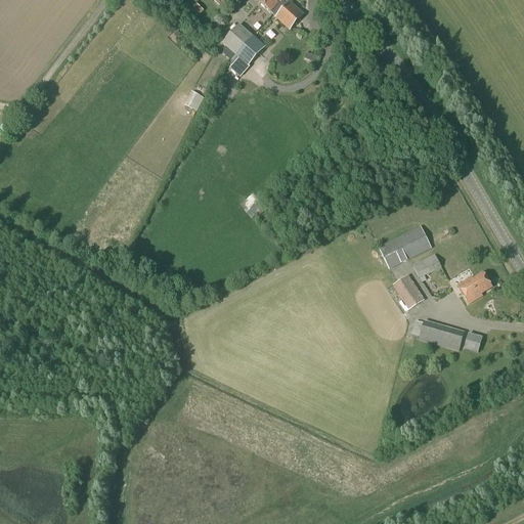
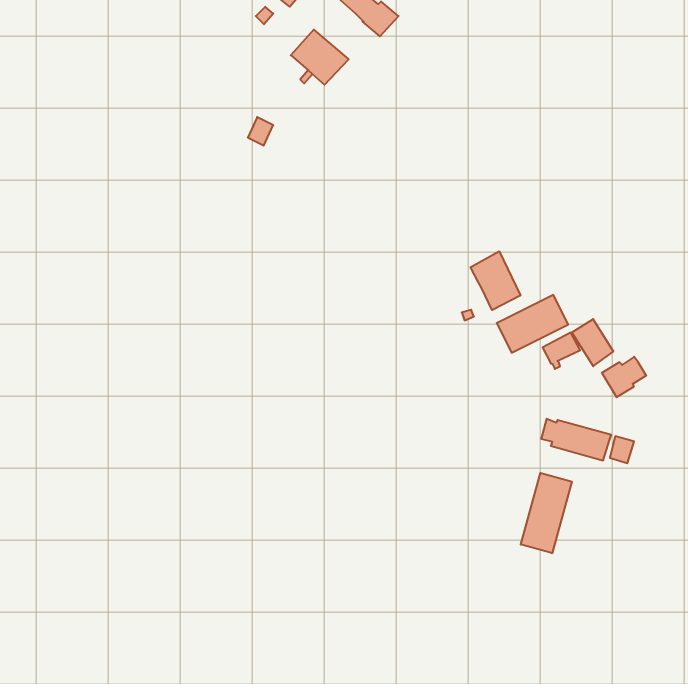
building: none -> [471,251,520,310]
building: [392,273,424,309] -> [572,319,613,366]
building: none -> [521,473,572,553]

